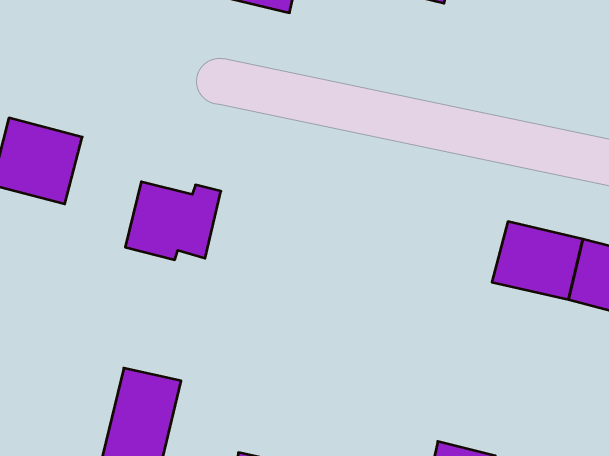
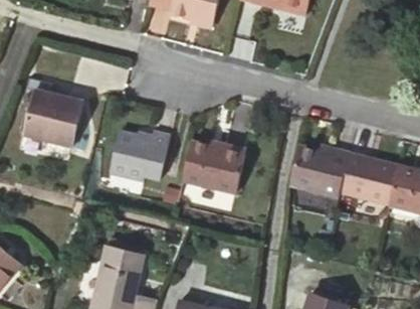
building: none -> [183,141,245,193]
building: none -> [289,147,351,195]

